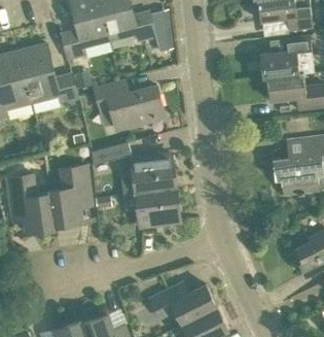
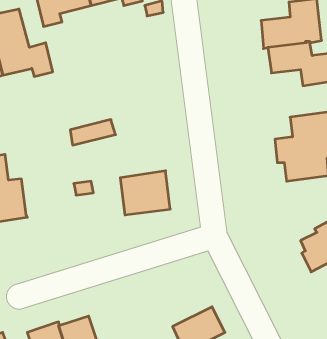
building: [92,78,164,130] -> none
building: [131,154,175,193] -> none
building: [47,163,91,226] -> none
building: [149,283,216,325] -> none

